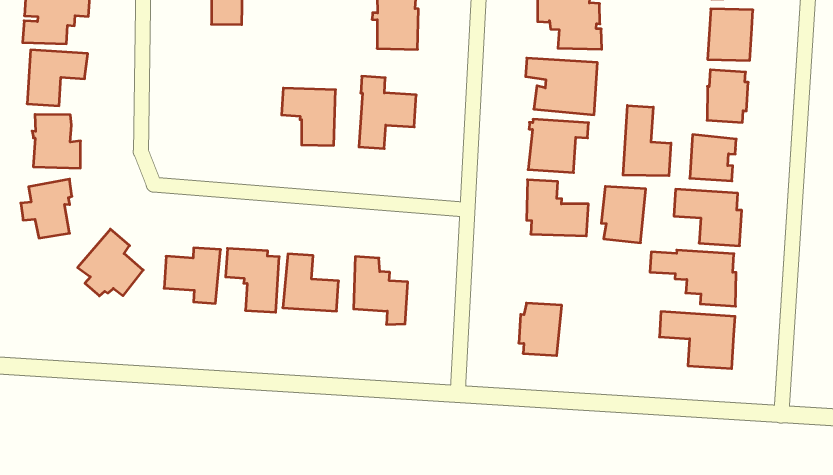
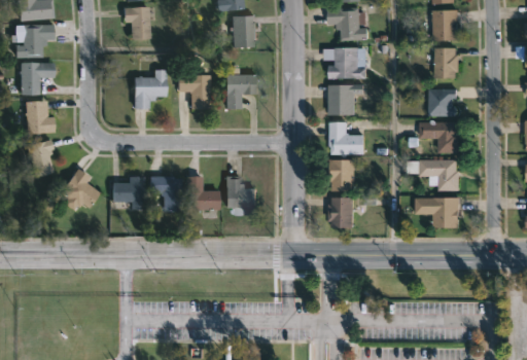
building: none -> [133,70,165,109]
building: [623,105,671,176] -> none
building: [601,186,646,243] -> [330,159,356,192]

